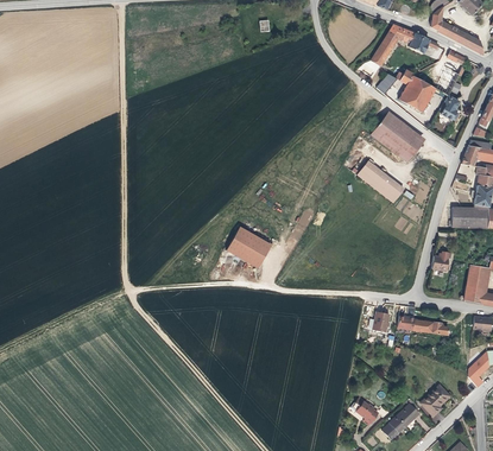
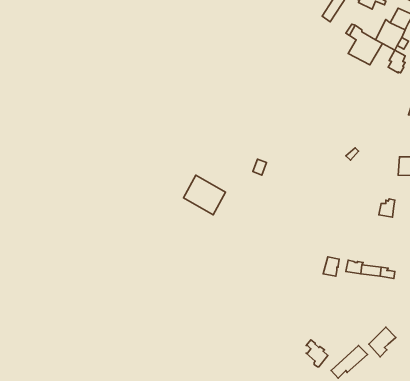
building: [372,110,424,161] -> none
building: [359,160,404,201] -> none

